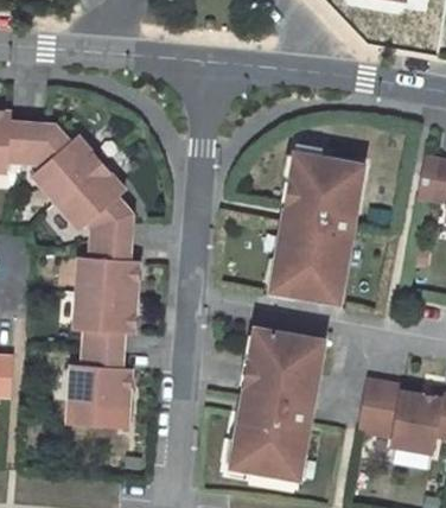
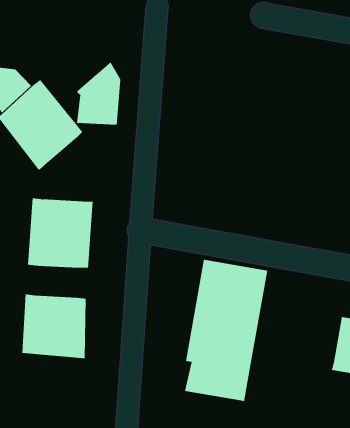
building: [269,152,364,303] -> none
building: [85,198,133,266] -> [76,61,121,125]
building: [77,335,123,368] -> none
building: [357,379,401,437] -> none

